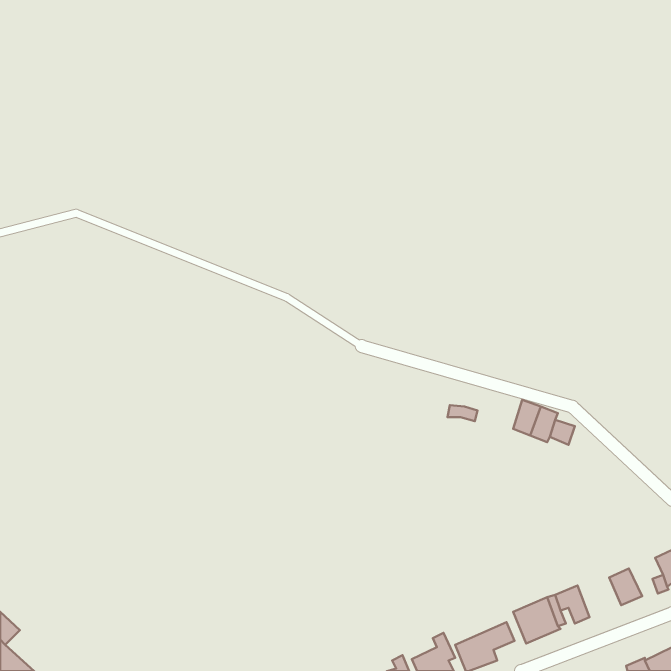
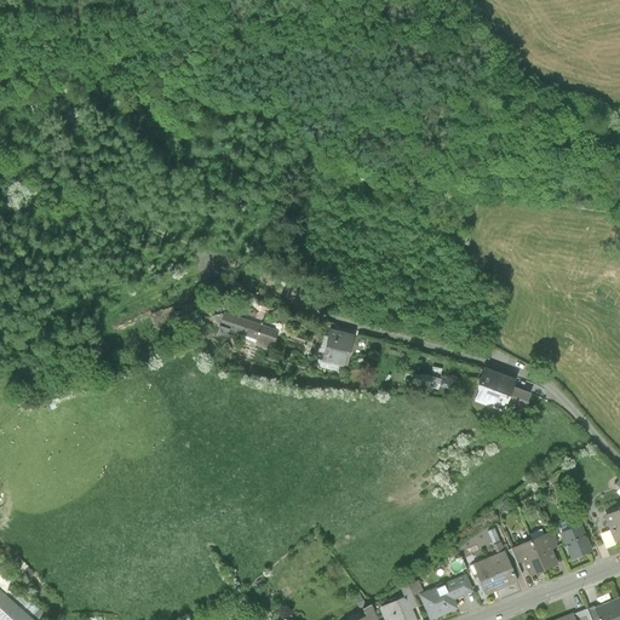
building: none -> [213,312,280,348]
building: none -> [322,332,356,366]
building: none -> [533,532,558,568]

